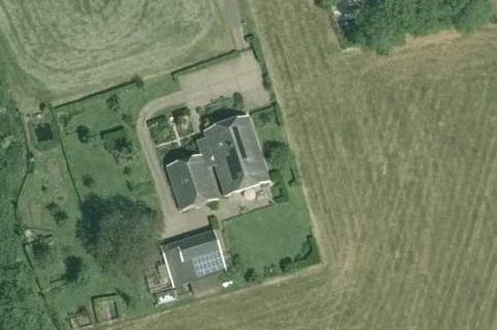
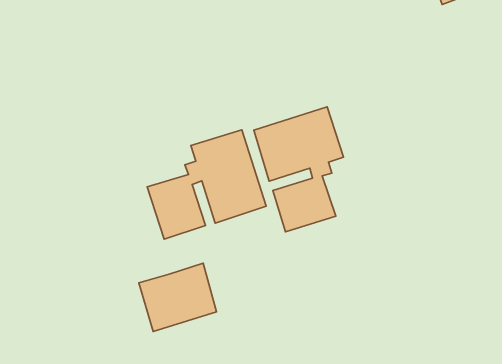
building: none -> [254,107,344,232]

